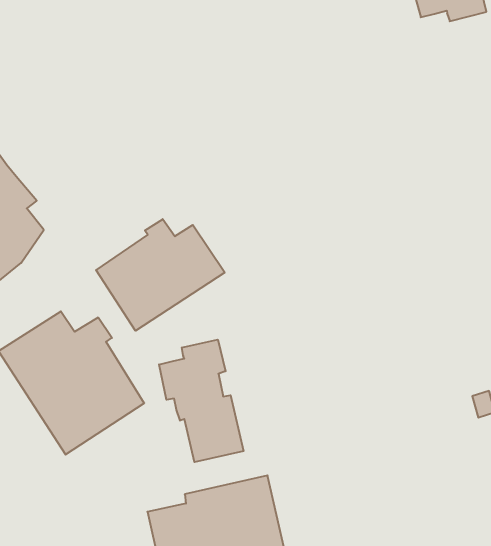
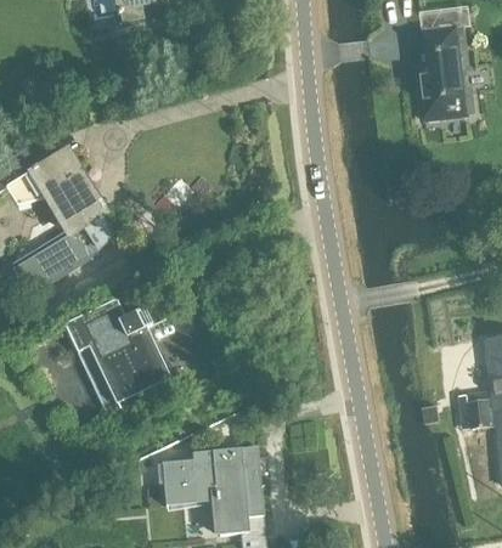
building: [96,219,225,331] -> none
building: [159,340,244,462] -> none

